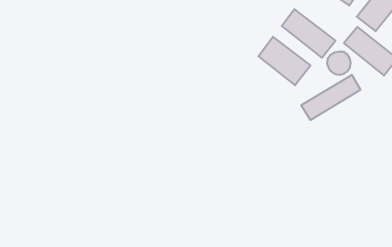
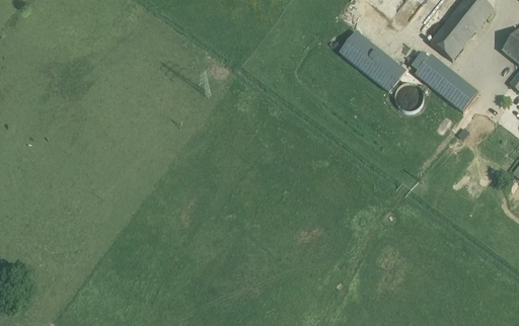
building: [258,37,310,85] -> none
building: [301,75,360,120] -> none

